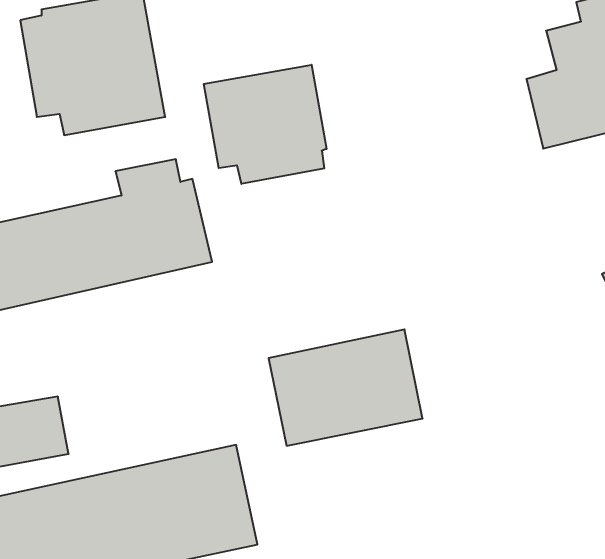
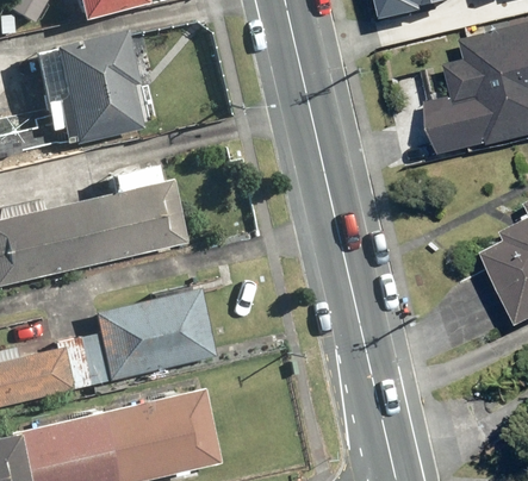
building: [204,65,327,184] -> none
building: [269,329,423,446] -> [92,288,213,380]

